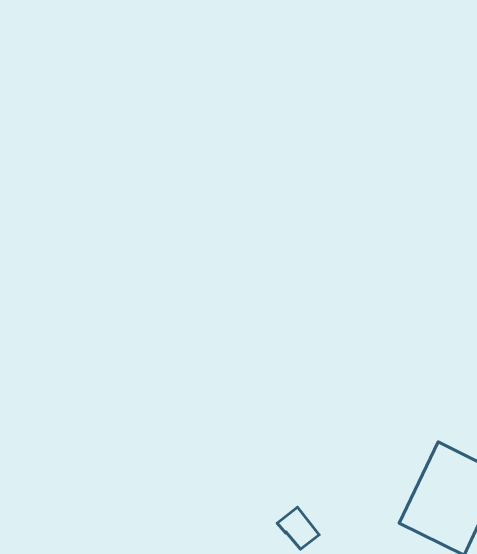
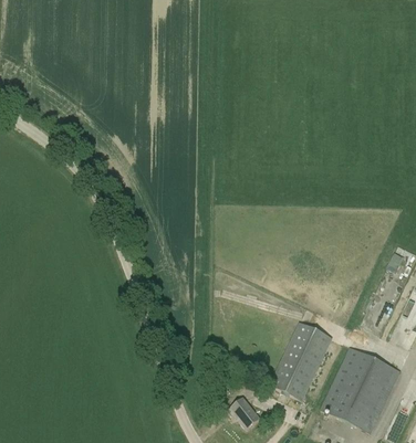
building: none -> [270,323,332,400]

